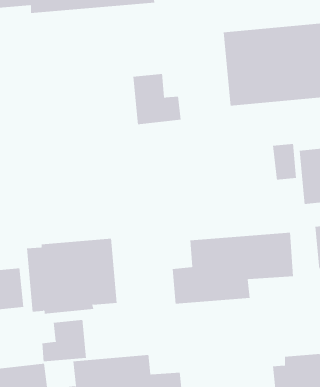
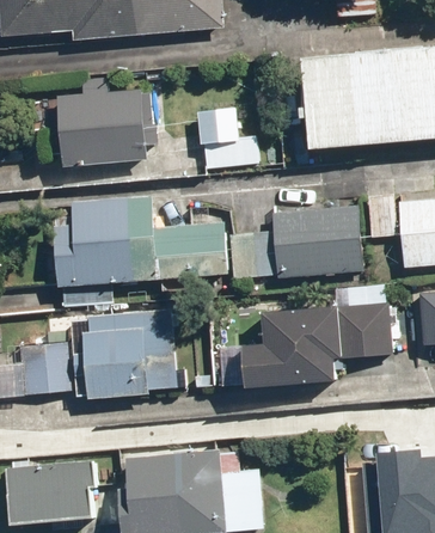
building: none -> [56,90,149,166]
building: none -> [50,200,225,292]
building: none -> [227,204,364,280]
building: [42,319,86,362] -> none

